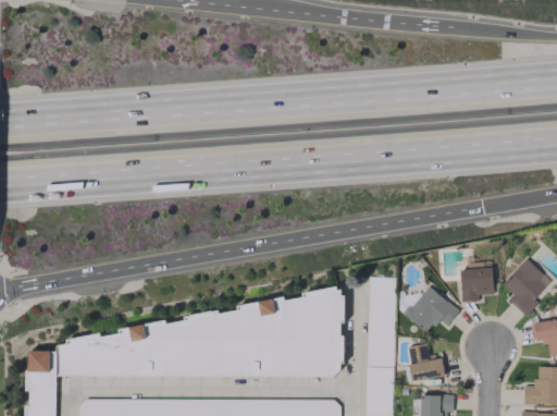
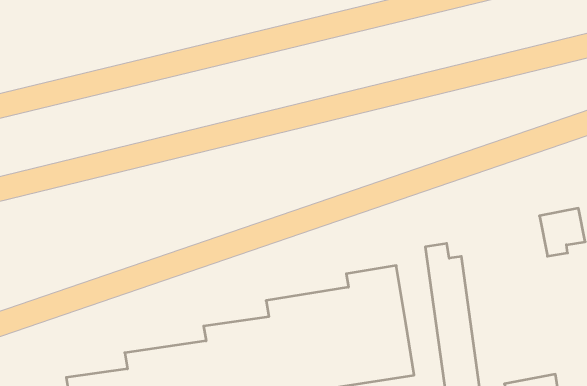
building: [406,285,460,332] -> none
building: [406,344,446,380] -> none

